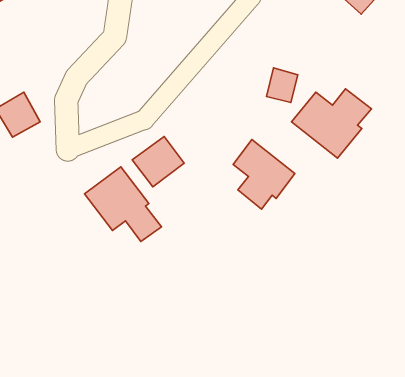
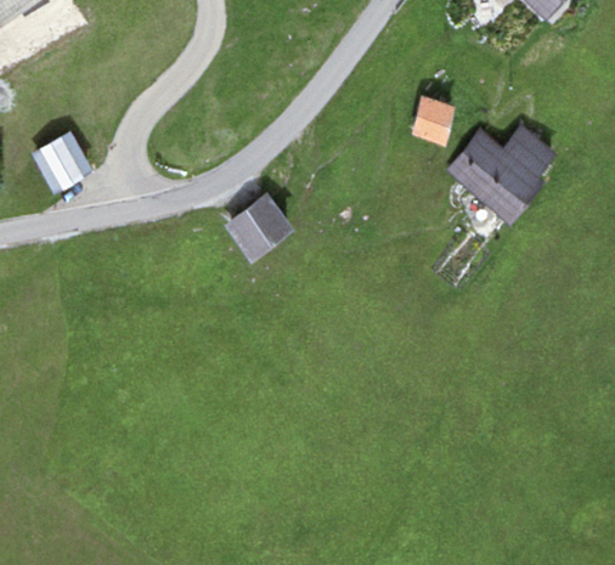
building: [233,140,295,209] -> none
building: [84,167,161,241] -> none

